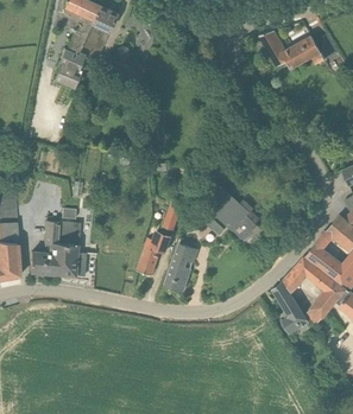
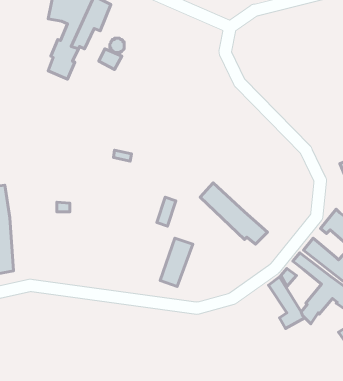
building: [259,30,338,69] -> none
building: [30,221,86,275] -> none
building: [137,231,170,274] -> none

